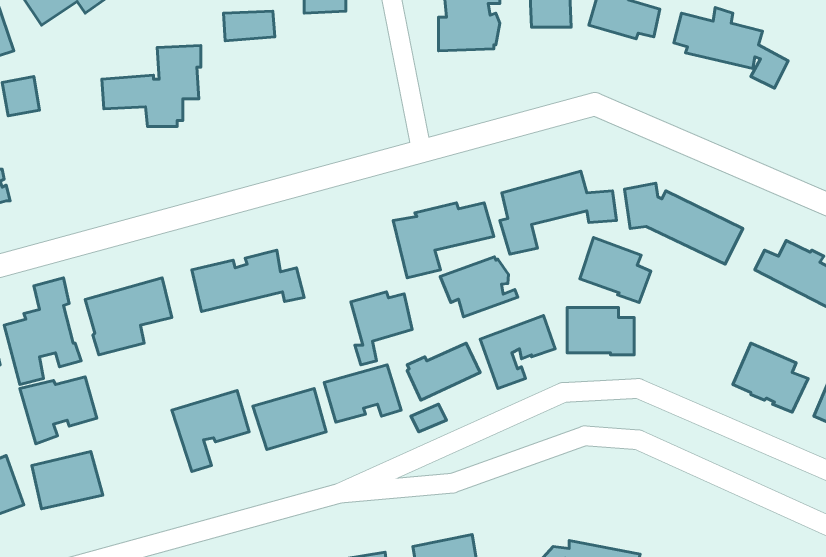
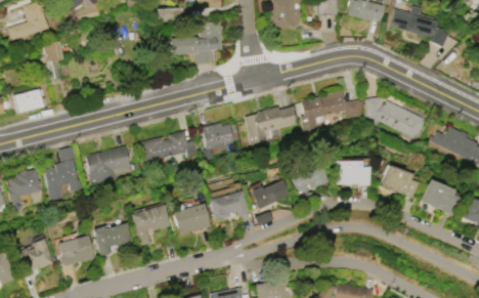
building: [102,46,201,126] -> [172,22,223,63]
building: [580,238,651,303] -> [382,165,419,199]
building: [440,257,518,317] -> none
building: [351,292,412,365] -> [203,122,234,160]
building: [20,377,97,444] -> [93,222,133,257]

